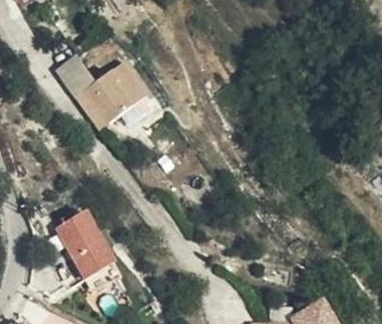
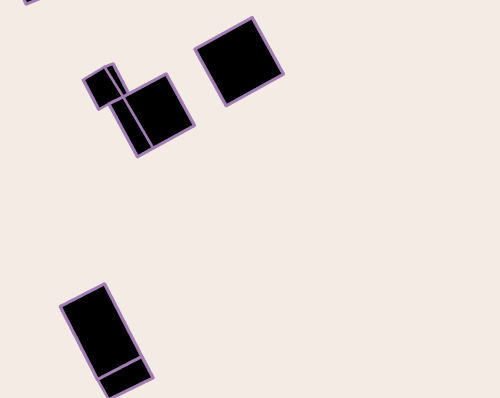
building: none -> [195,18,283,106]

